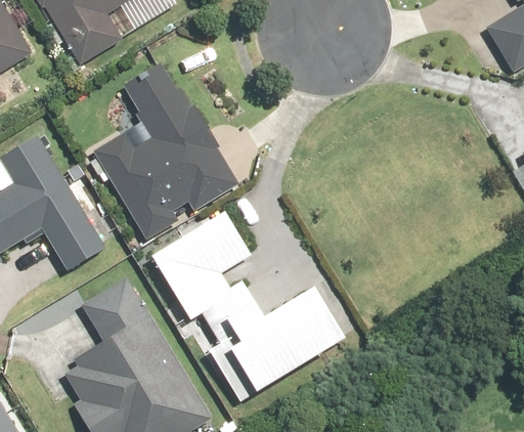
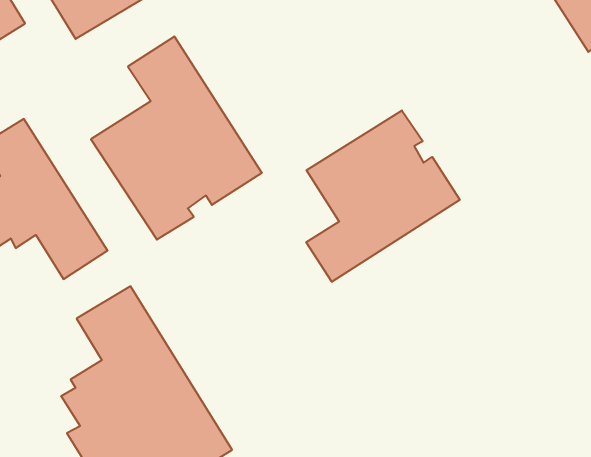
building: none -> [306,110,460,282]
building: [147,209,340,398] -> none

